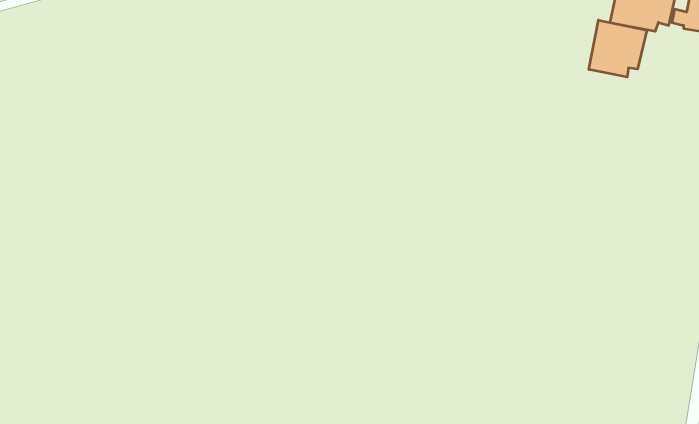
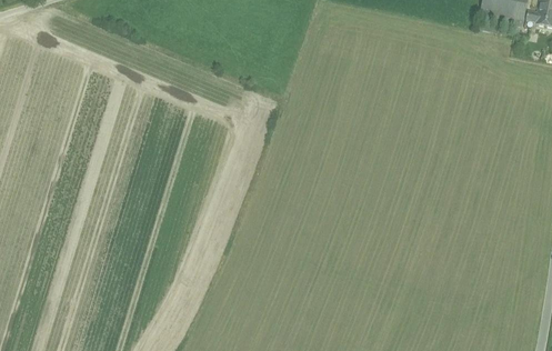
building: [589,20,647,77] -> none

